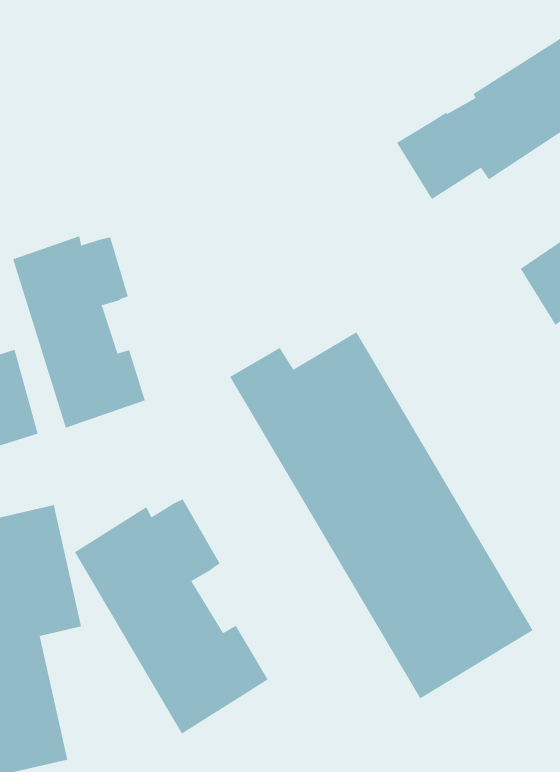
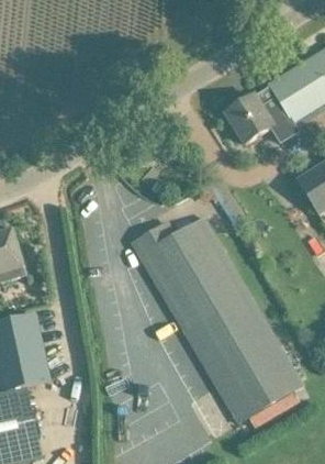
building: [13,236,146,428] -> none
building: [74,498,269,735] -> none

